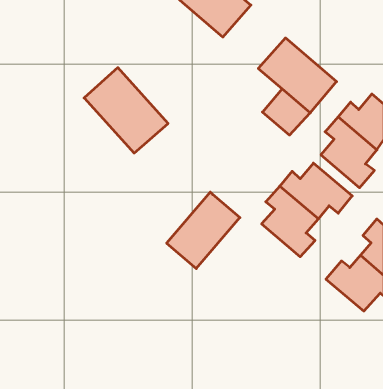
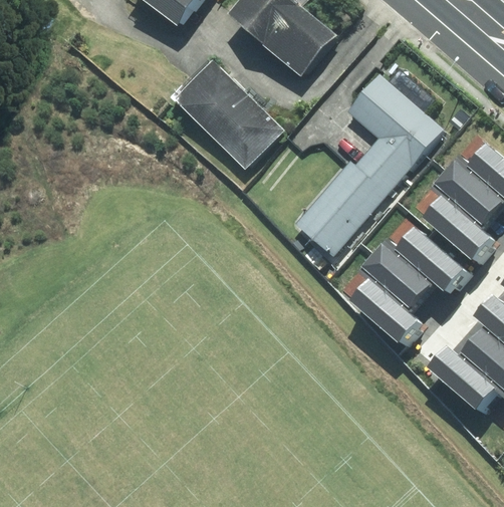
building: [84,68,168,153] -> [183,63,285,168]
building: [167,192,240,269] -> [295,164,385,257]

